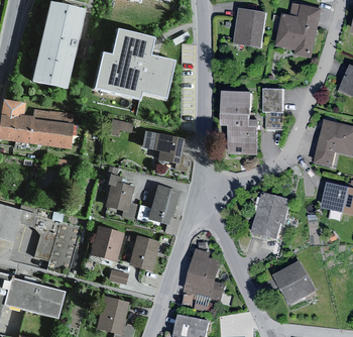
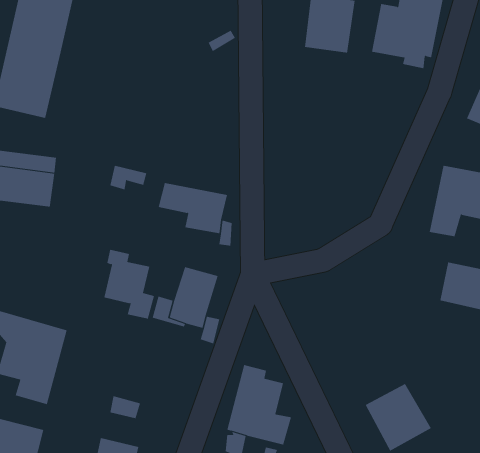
building: [93,28,173,97] -> none
building: [263,88,284,129] -> none
building: [221,90,257,153] -> none
building: [251,191,290,238] -> none
building: [89,225,123,261] -> none
building: [127,235,159,270] -> none

